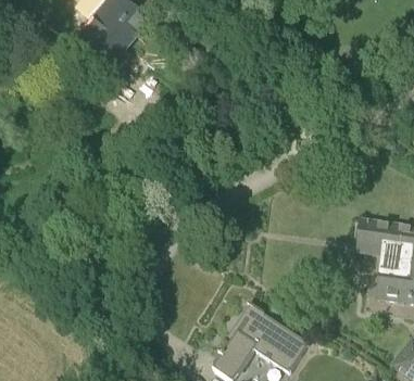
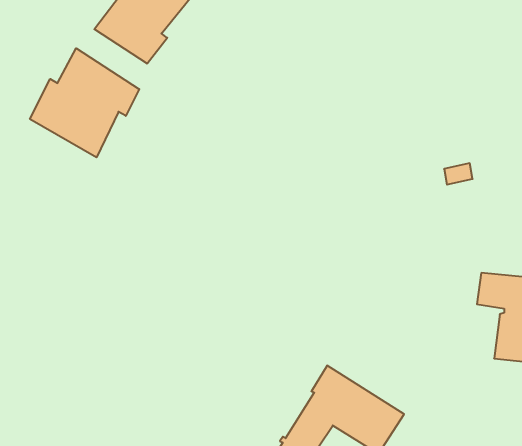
building: none -> [30,48,139,157]

